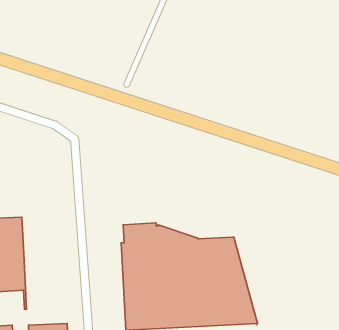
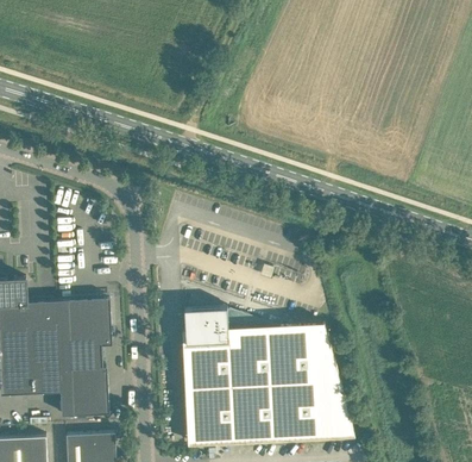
building: none -> [57,300,112,417]

